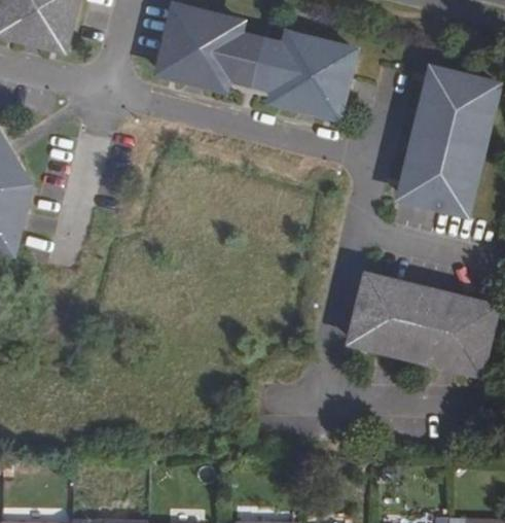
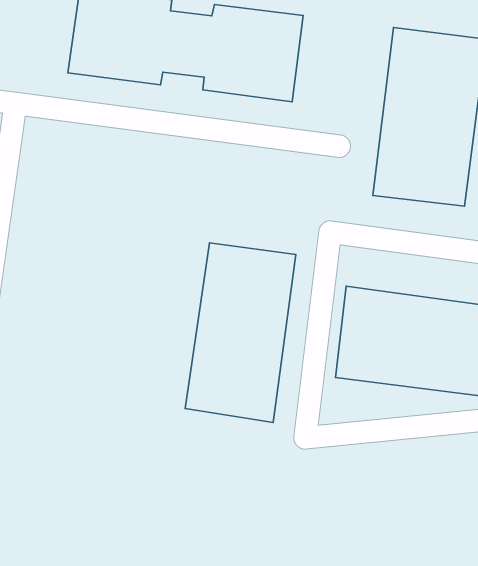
building: none -> [185,243,296,422]

